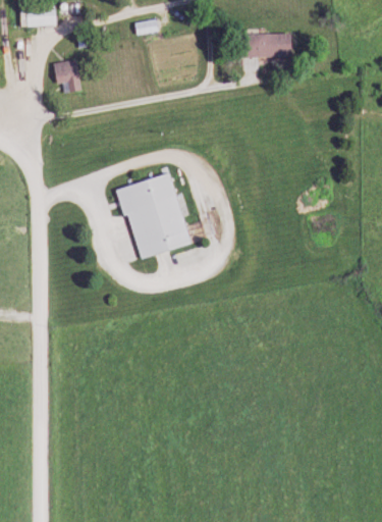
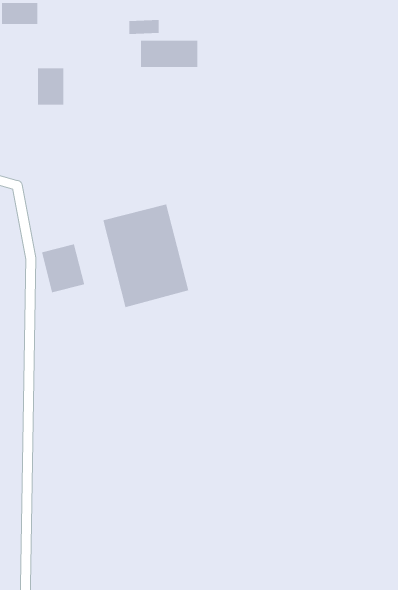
building: [237,34,285,56] -> [140,40,198,67]
building: none -> [41,243,85,293]

